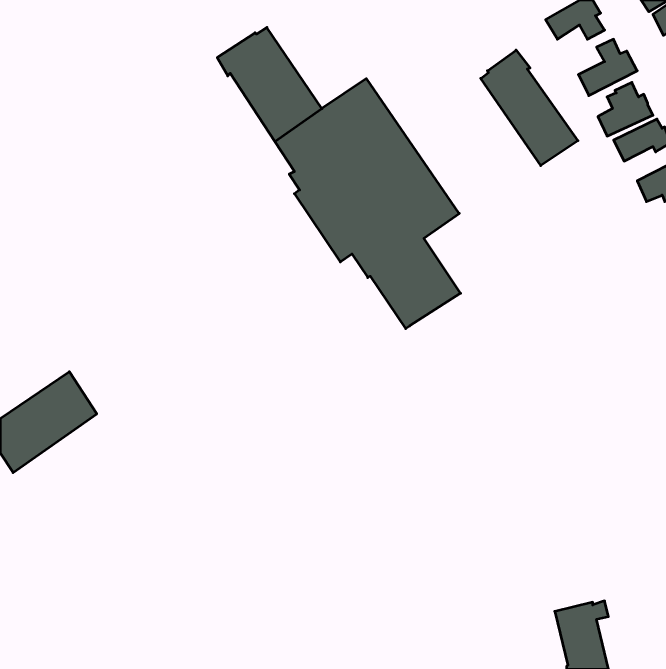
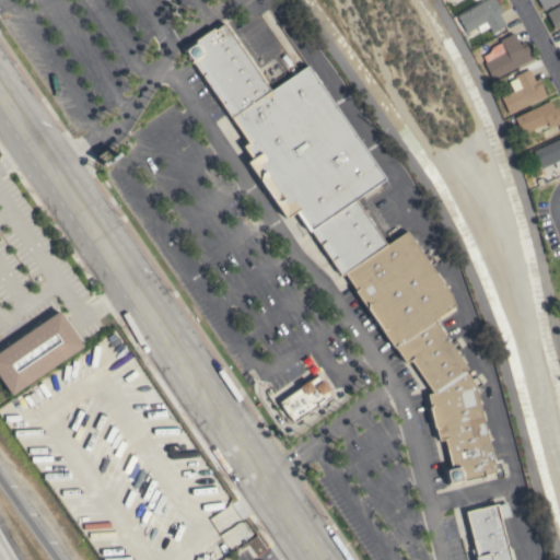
building: [481,50,578,166] -> none
building: none -> [345,232,497,486]
building: none -> [280,375,335,423]

